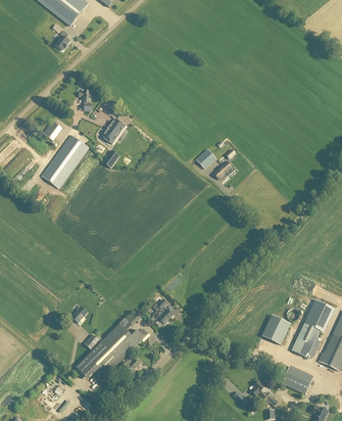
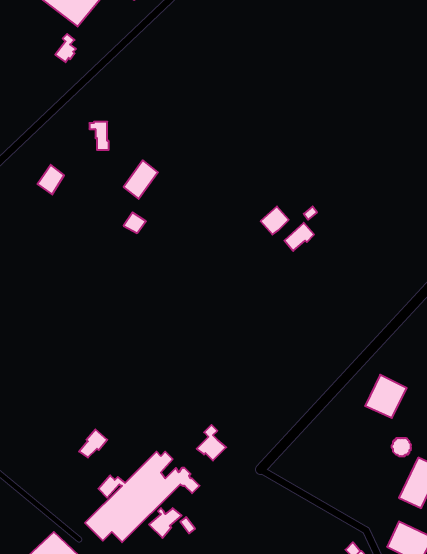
building: [42,134,89,188] -> none
building: [261,314,290,343] -> [365,375,407,418]

